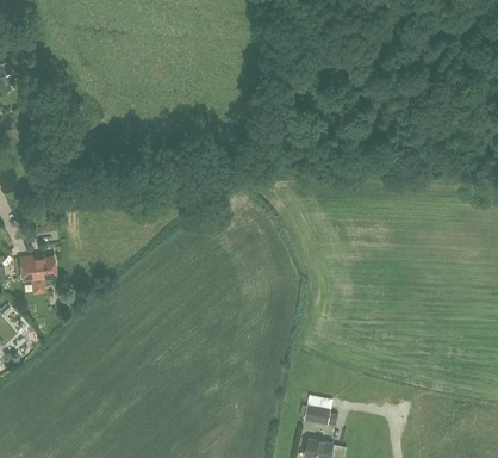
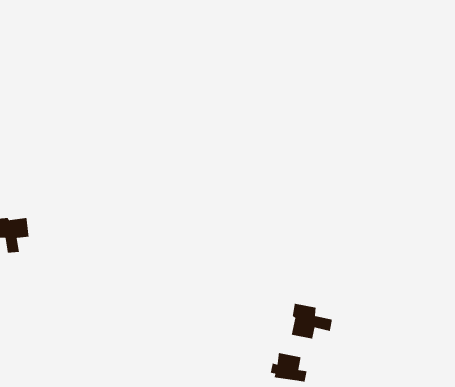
building: none -> [291,303,333,340]

